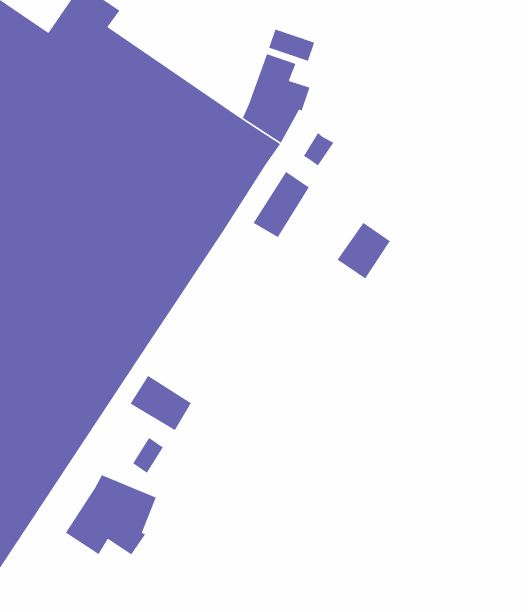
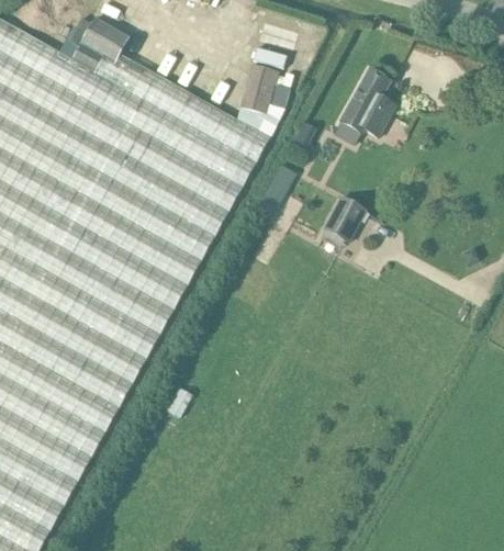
building: none -> [339,68,394,139]
building: [130,375,192,431] -> none
building: [65,474,157,556] -> none

